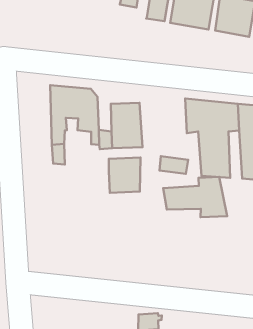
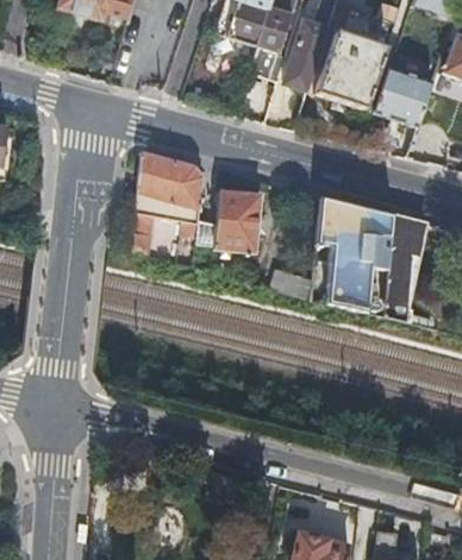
building: [109,158,140,193] -> none
building: [163,177,227,217] -> none

